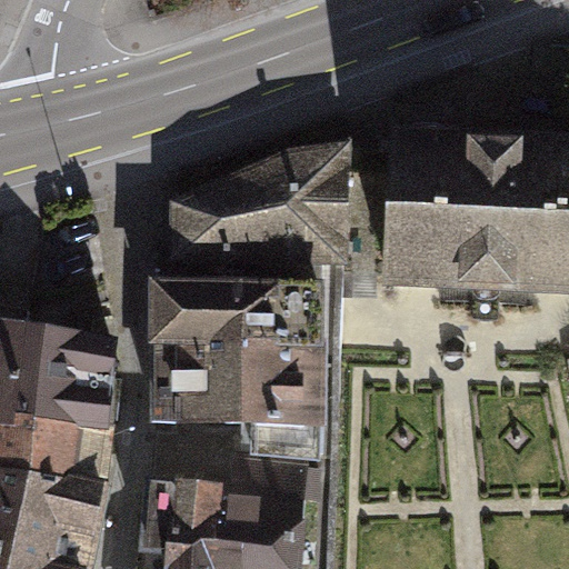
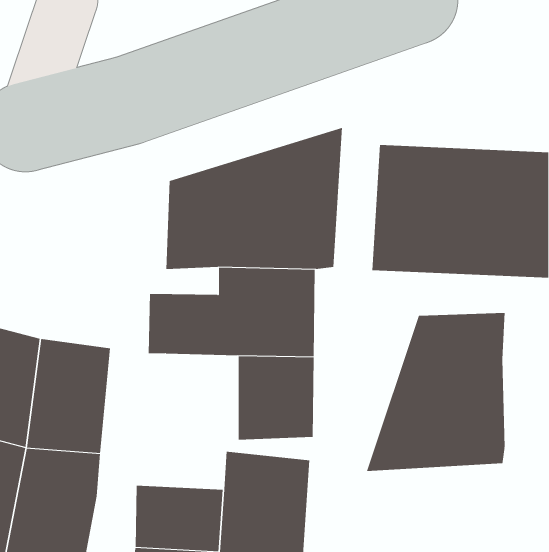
building: none -> [366,312,505,472]
building: [168,367,241,455] -> none

